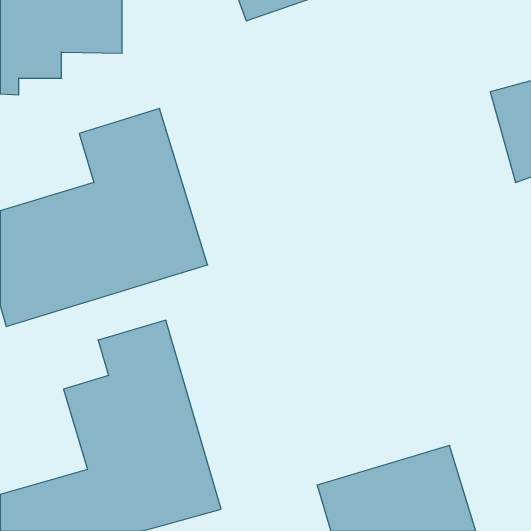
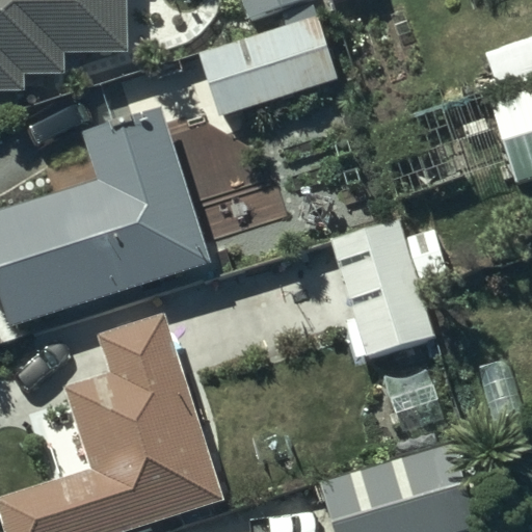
building: none -> [193,10,340,121]
building: none -> [329,216,438,360]

